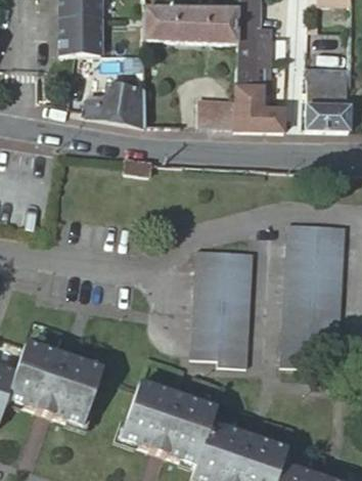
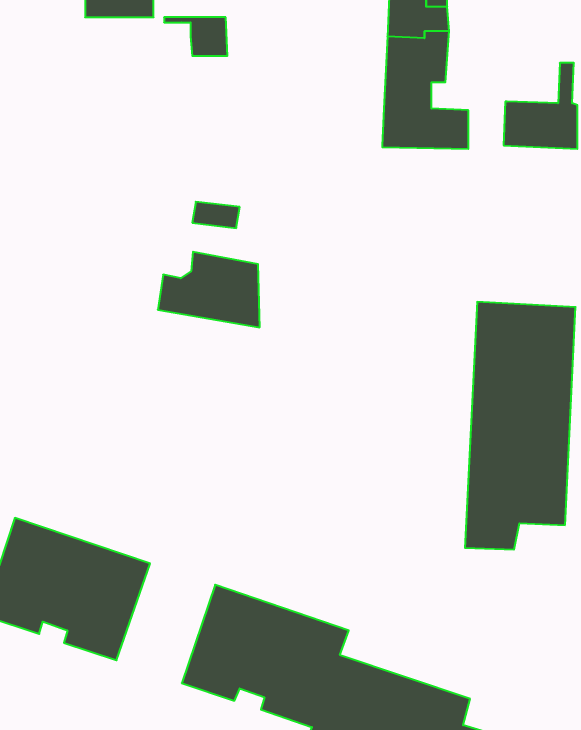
building: [308,76,347,103] -> none
building: [87,82,146,126] -> [158,252,260,327]
building: [197,105,236,128] -> none
building: [193,246,256,363] -> none

